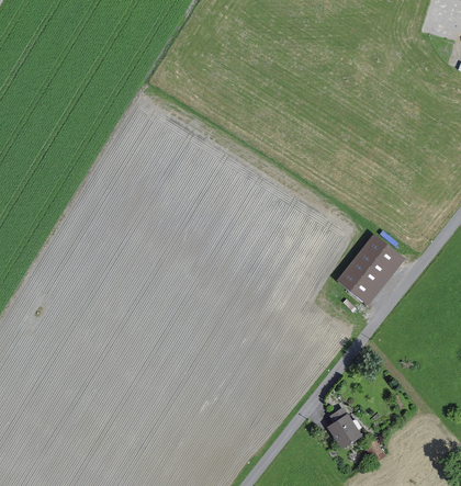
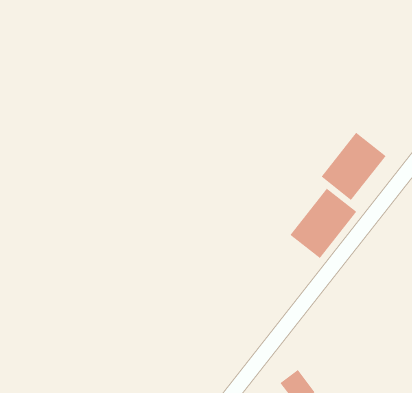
building: none -> [321,132,386,201]

